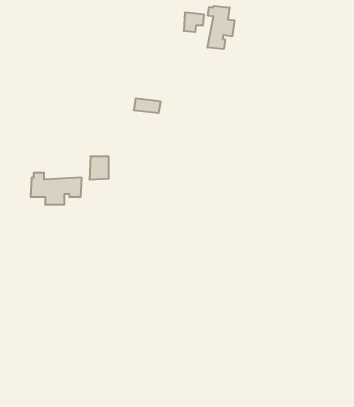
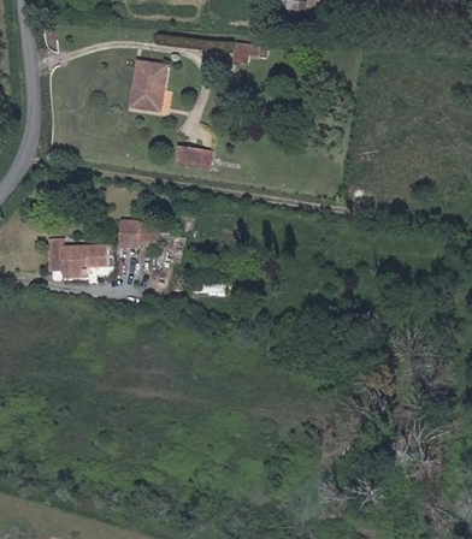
building: [207,6,234,49] -> none
building: none -> [129,61,161,108]

